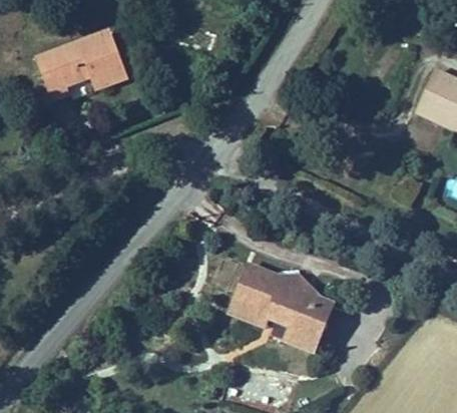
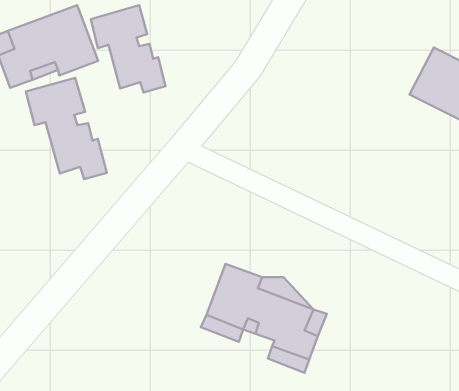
building: none -> [91,5,165,93]
building: none -> [26,78,107,179]

